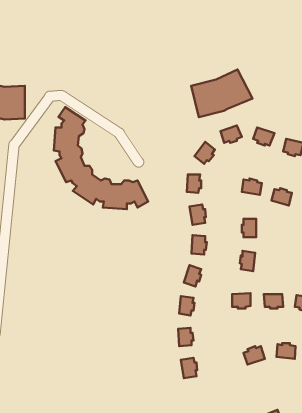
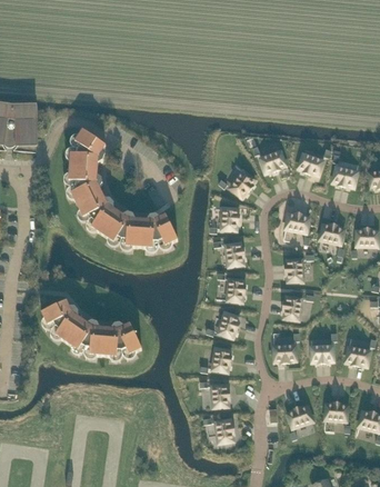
building: [191,69,252,117] -> none
building: none -> [41,298,141,355]

